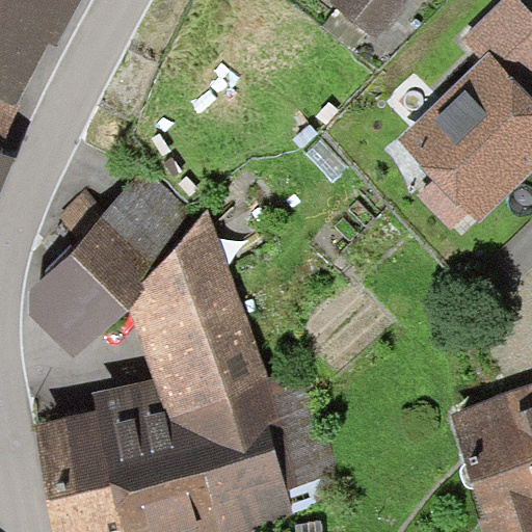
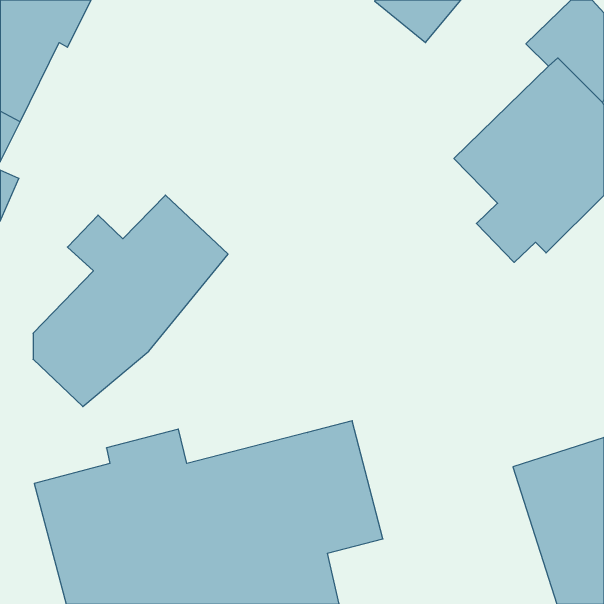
building: [131,209,270,407] -> none

